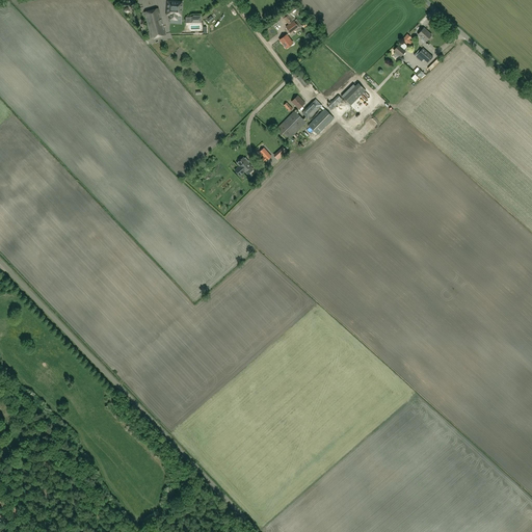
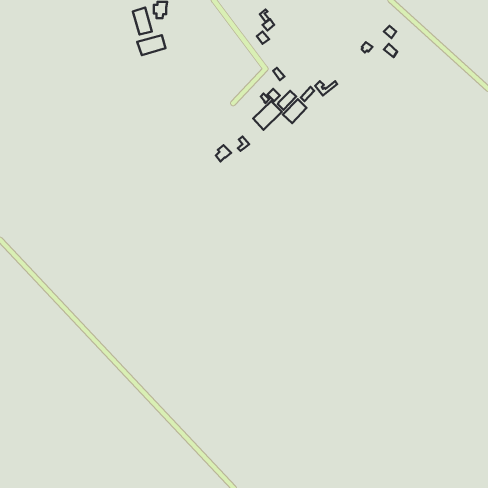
building: none -> [137,35,165,55]

